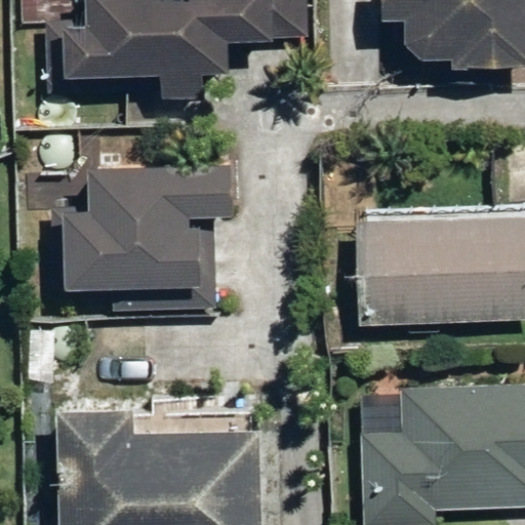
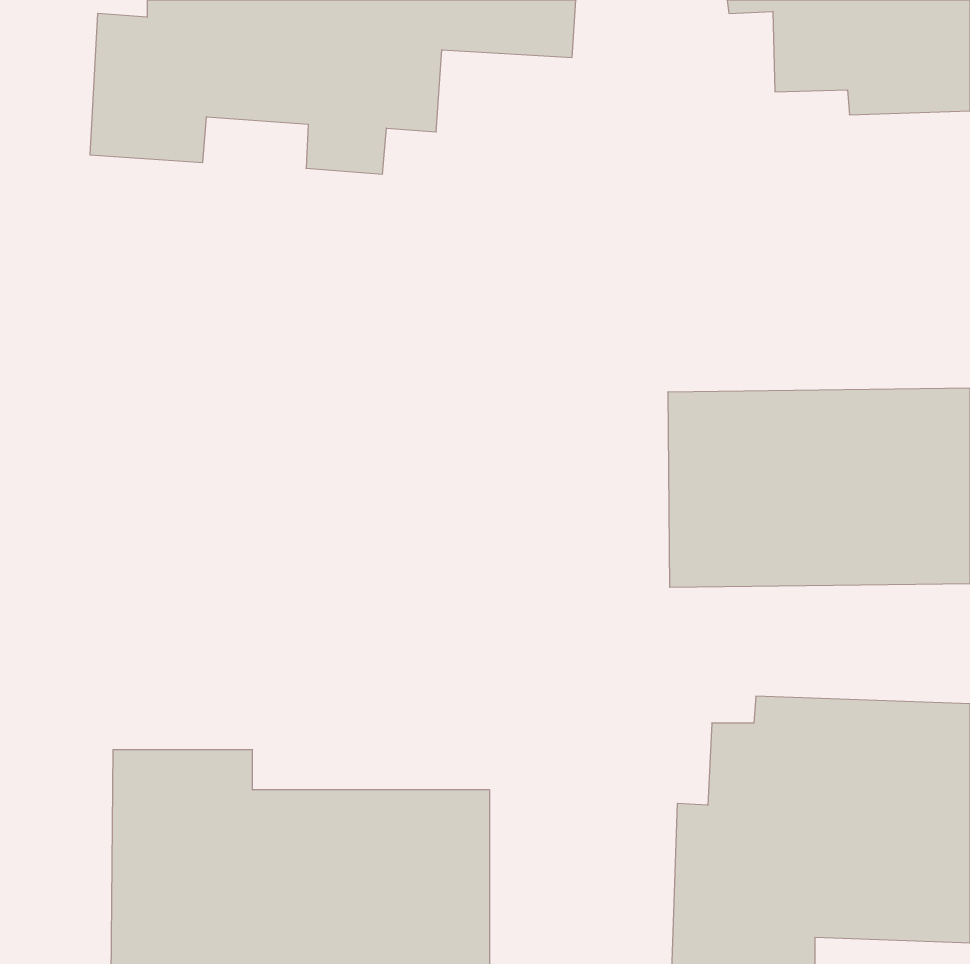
building: [68,163,234,285] -> none

